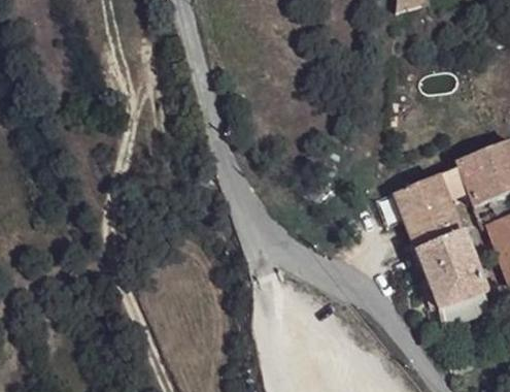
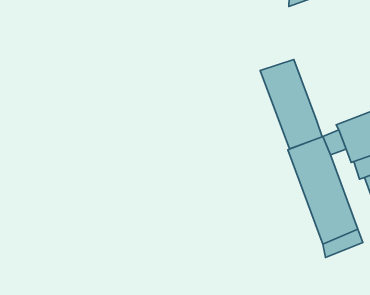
building: none -> [260,60,322,149]

